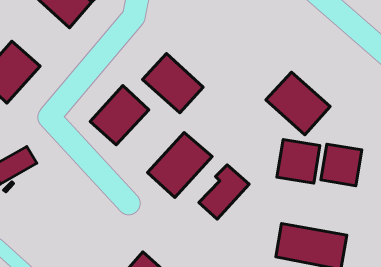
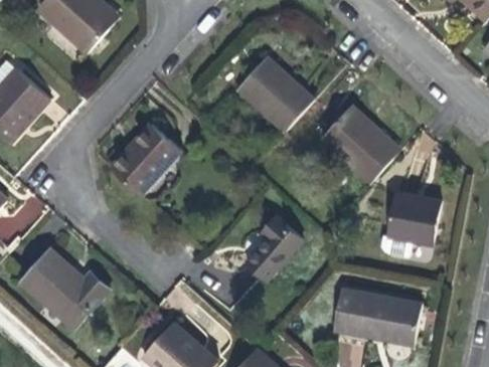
building: [142,54,203,113] -> [238,58,312,130]
building: [148,132,212,198] -> none
building: [277,140,320,183] -> none
building: none -> [20,248,109,328]

